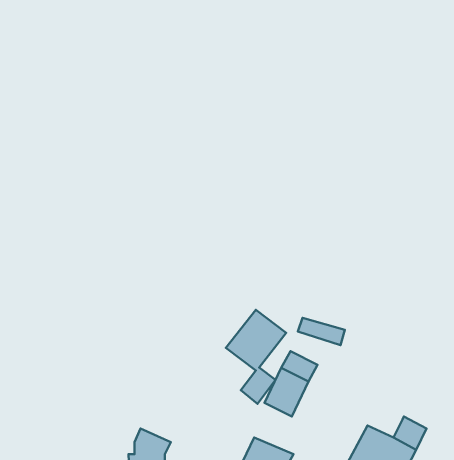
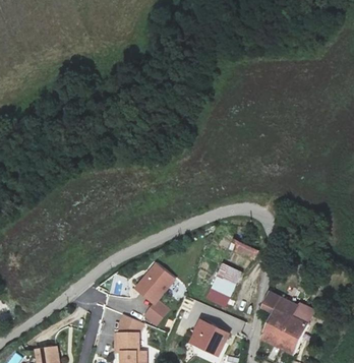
building: [226,310,286,404] -> [134,261,175,324]
building: none -> [263,294,299,320]

